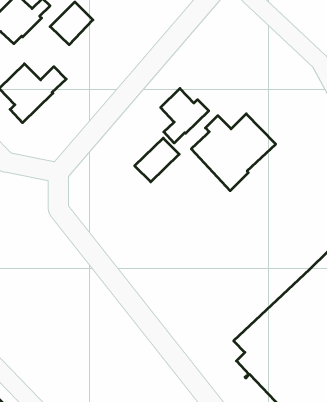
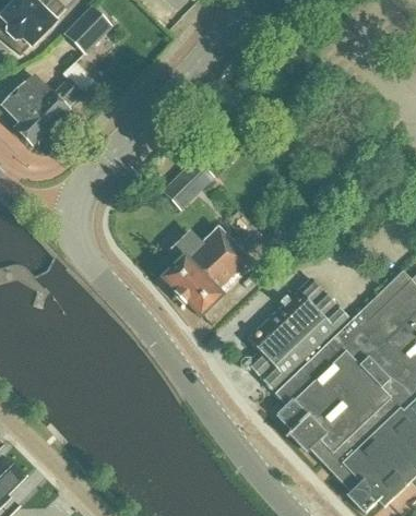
building: [161,88,209,143] -> none
building: [191,114,276,191] -> [157,229,254,317]
building: none -> [242,277,348,388]

